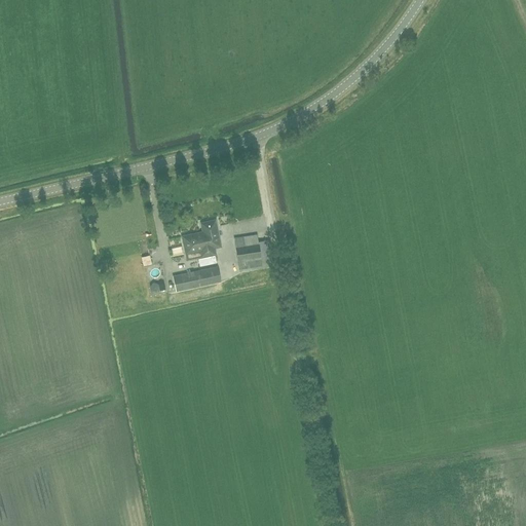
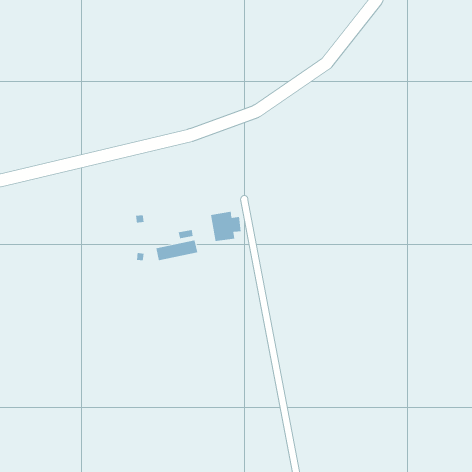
building: [183,220,220,258] -> none

